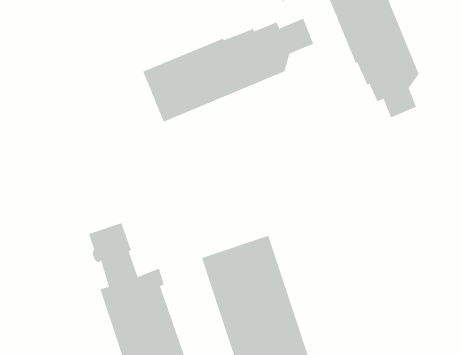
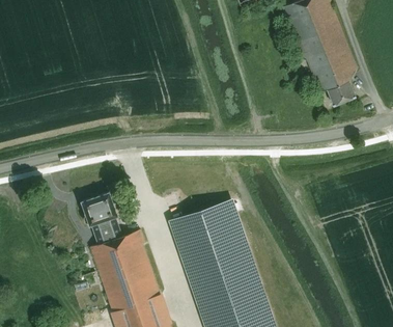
building: [143,18,314,122] -> none

